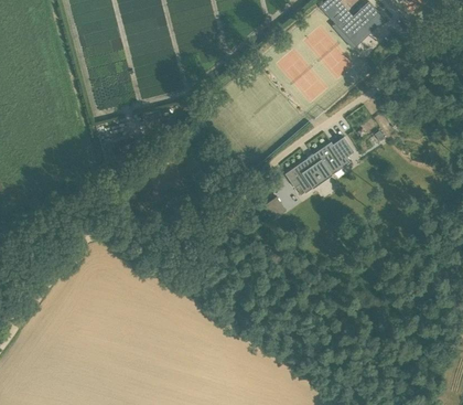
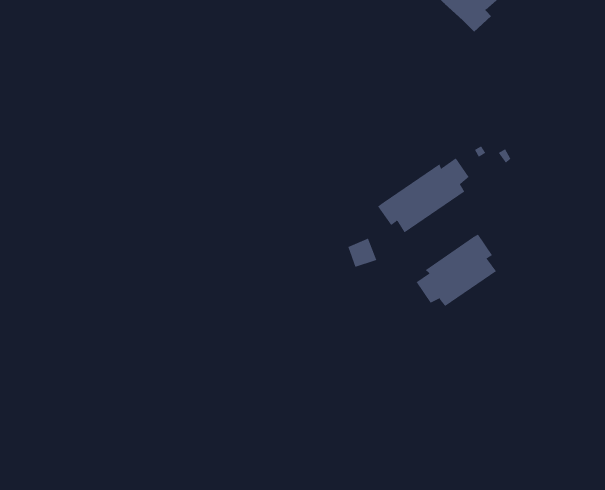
building: none -> [416,234,497,307]

